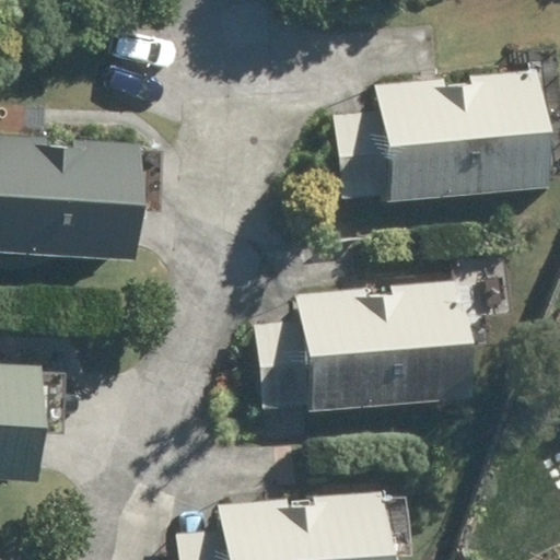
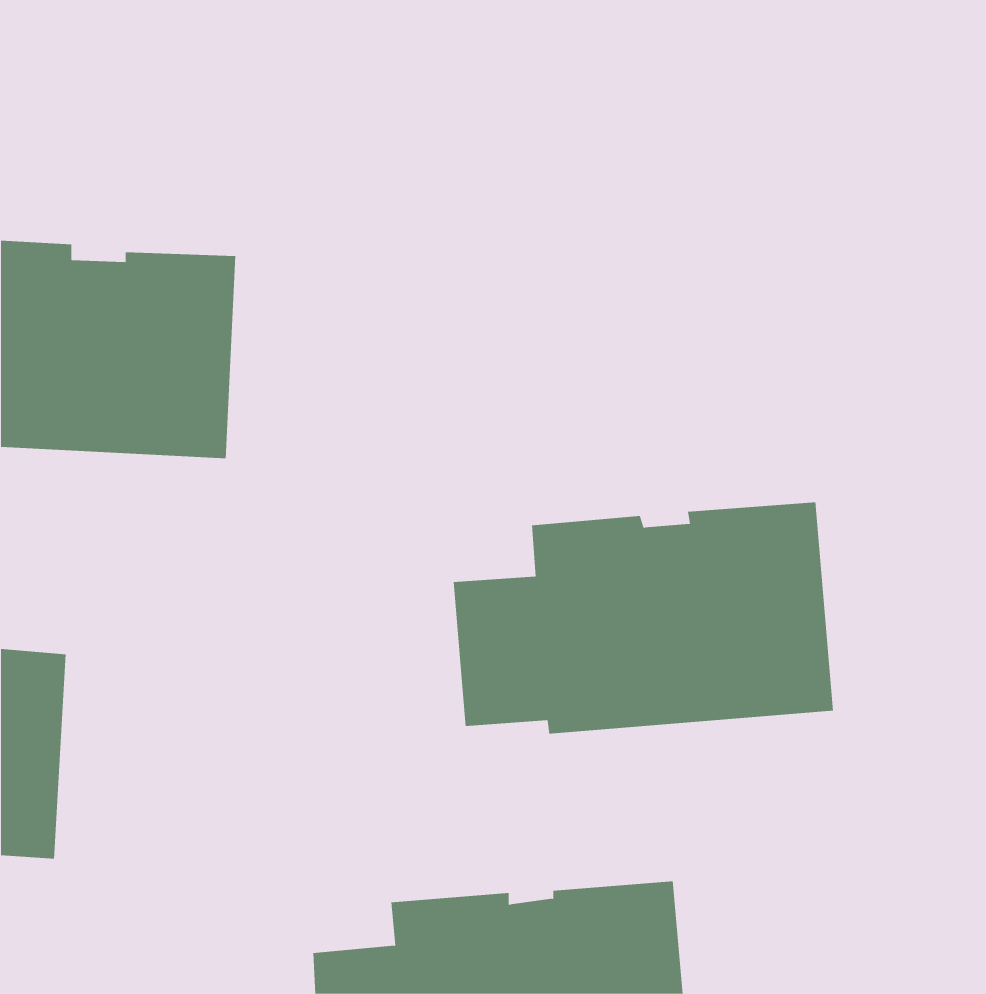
building: [339,69,550,200] -> none

